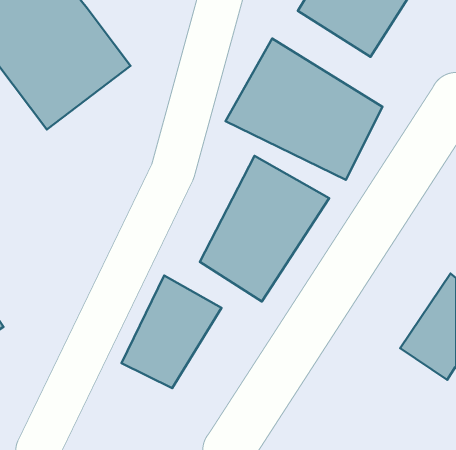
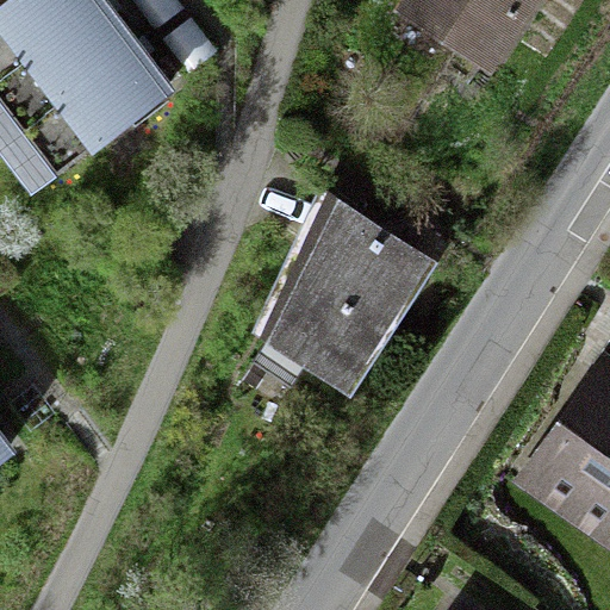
building: [225,38,382,180] -> none
building: [121,275,222,388] -> none

